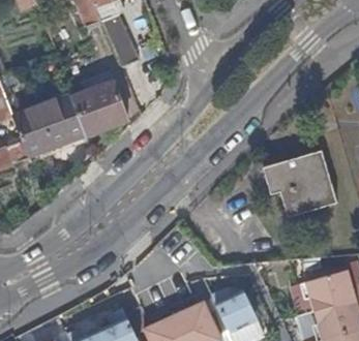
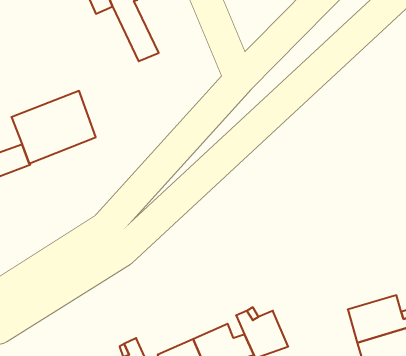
building: [72,81,127,135] -> none
building: [267,156,341,223] -> none

